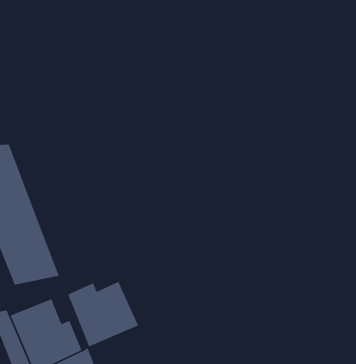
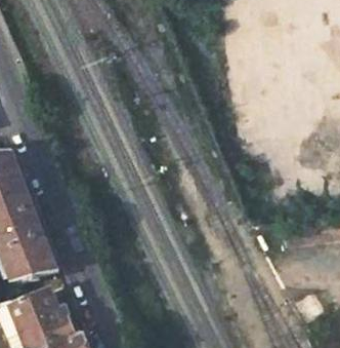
building: [67,281,139,348] -> none

